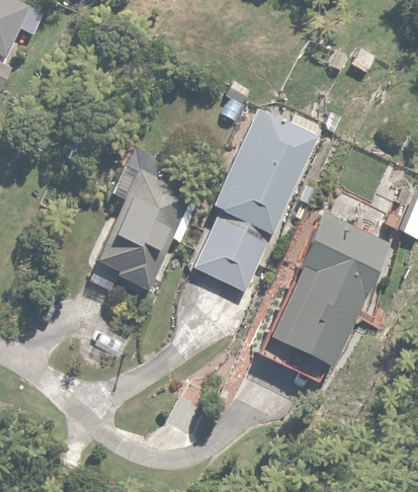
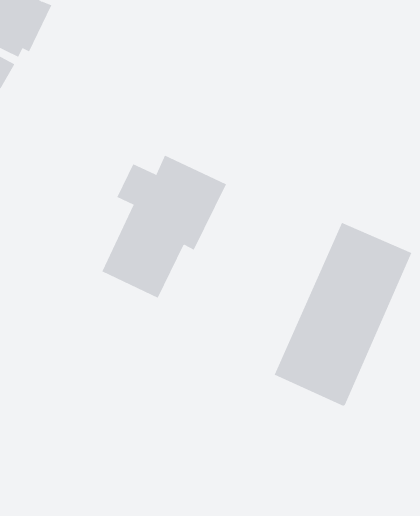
building: [190,99,334,300] -> none

